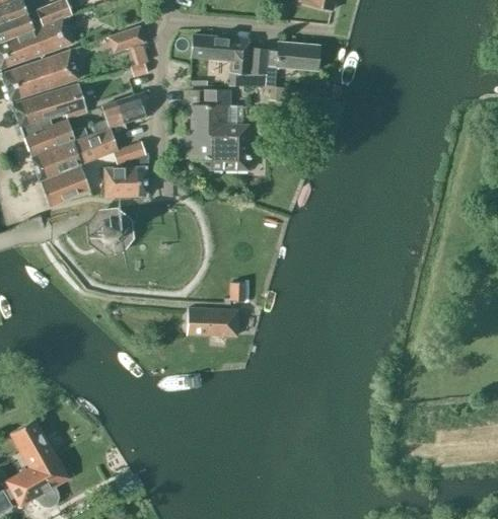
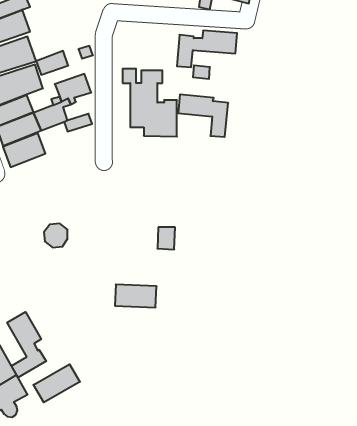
building: [106,22,145,51] -> [36,51,68,75]
building: [192,33,252,84] -> [178,94,228,137]
building: [104,165,147,196] -> none
building: [95,216,124,244] -> [44,224,68,247]
building: [188,307,237,335] -> [115,284,157,307]
building: none -> [7,312,46,377]
building: none -> [33,364,80,402]

